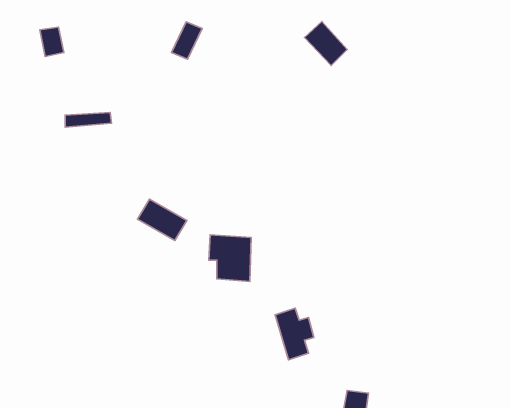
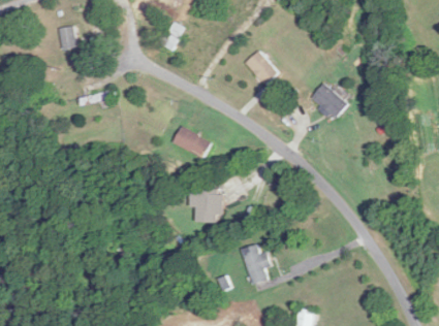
building: [305,21,347,65] -> [246,52,279,86]
building: none -> [312,84,349,119]
building: [138,199,187,241] -> [174,127,212,159]

